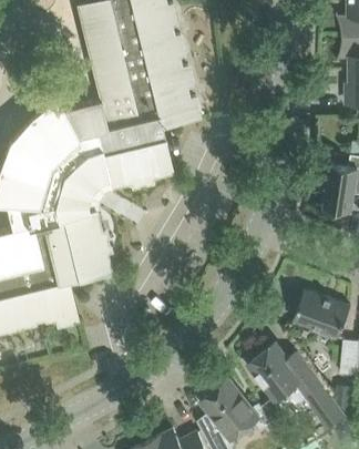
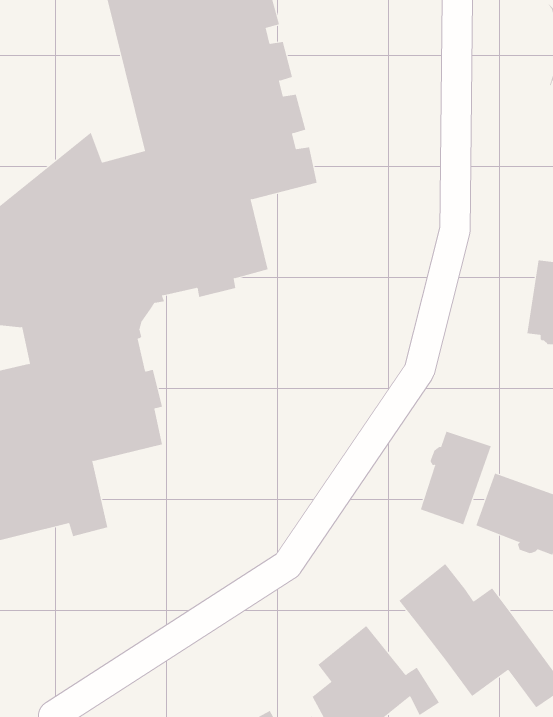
building: none -> [420,431,492,525]

